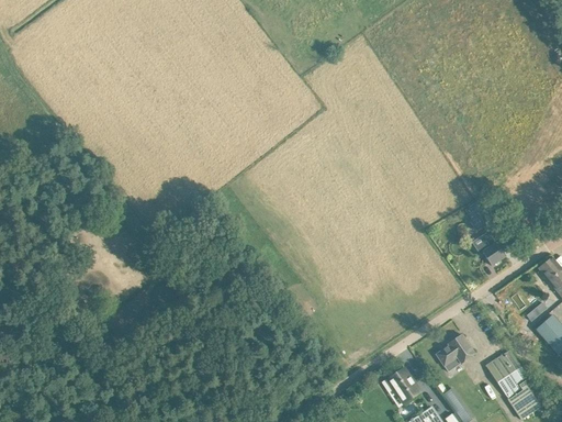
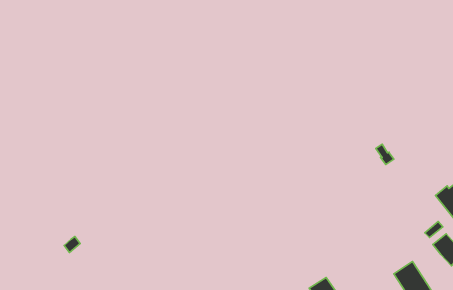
building: [476,231,505,265] -> none
building: [436,334,474,371] -> none

